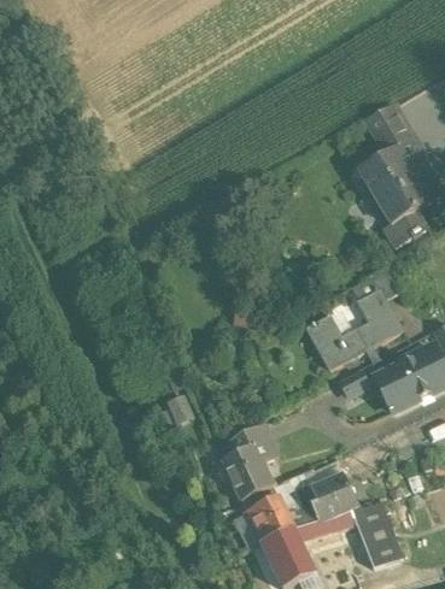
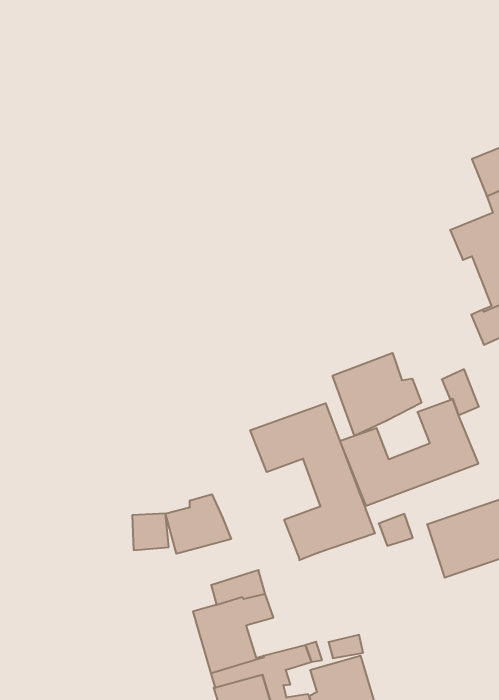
building: none -> [333,353,421,436]
building: none -> [250,403,375,560]
building: none -> [165,494,231,554]

